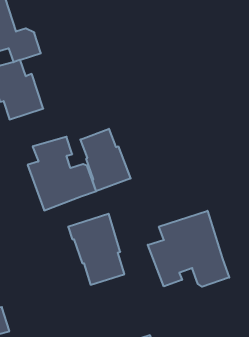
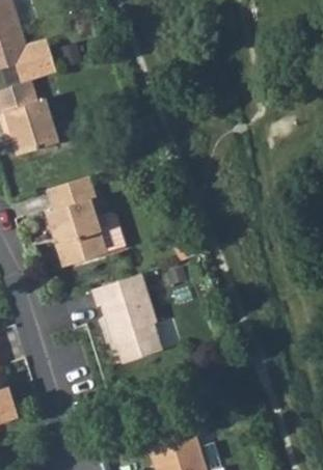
building: [80,129,131,191] -> none
building: [148,211,229,287] -> none

